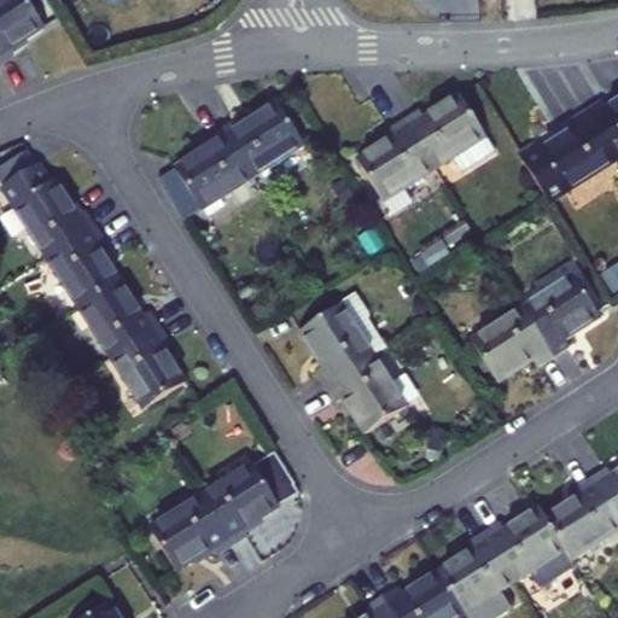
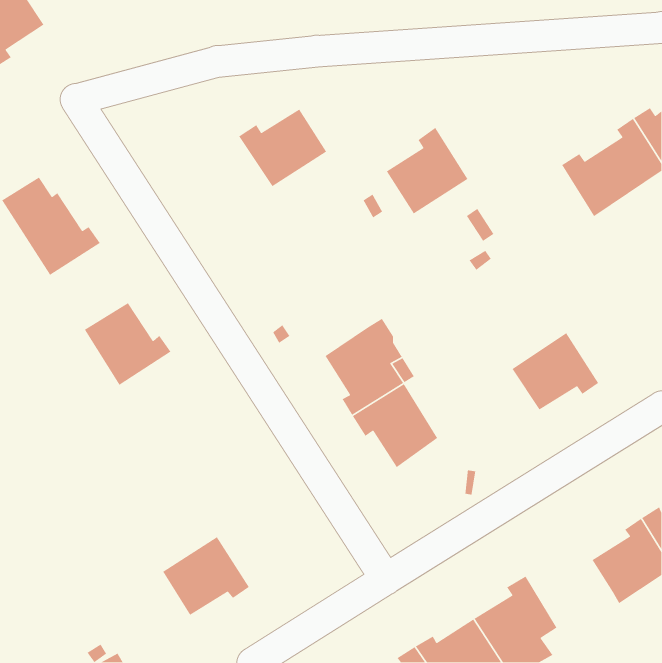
building: [402,92,492,170] -> none
building: [174,126,251,206] -> none
building: [46,225,118,304] -> none
building: [523,274,600,354] -> none
building: [110,325,185,408] -> none
building: [200,464,284,542] -> none
building: [485,506,576,587] -> none

